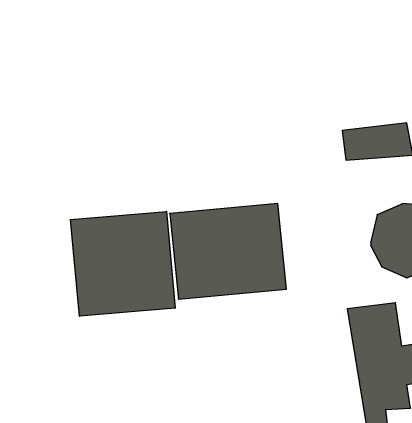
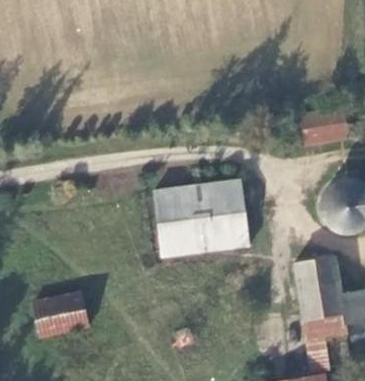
building: [71,211,175,316] -> none
building: none -> [33,294,88,337]

